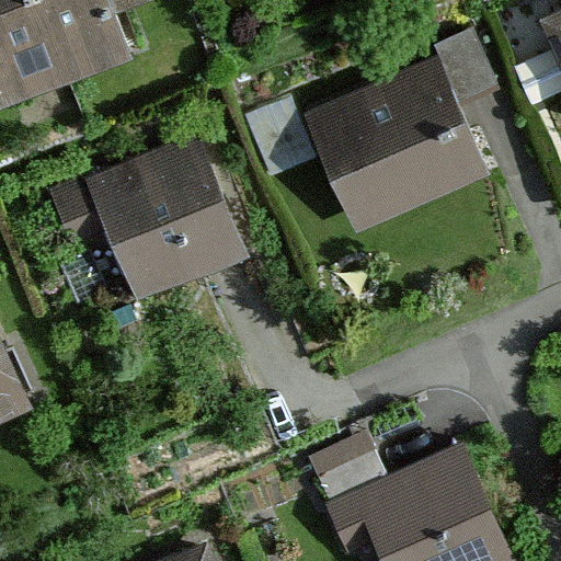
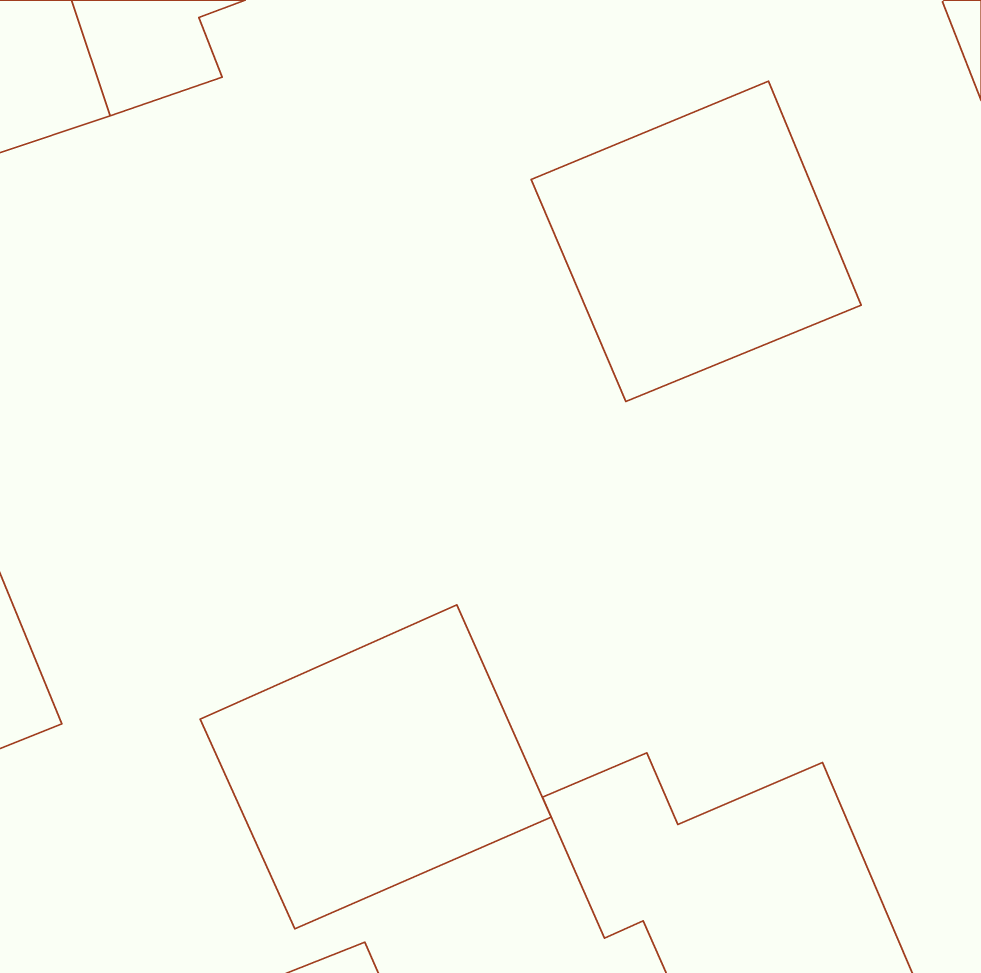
building: [48,130,255,308] -> none
building: none -> [200,605,551,929]

